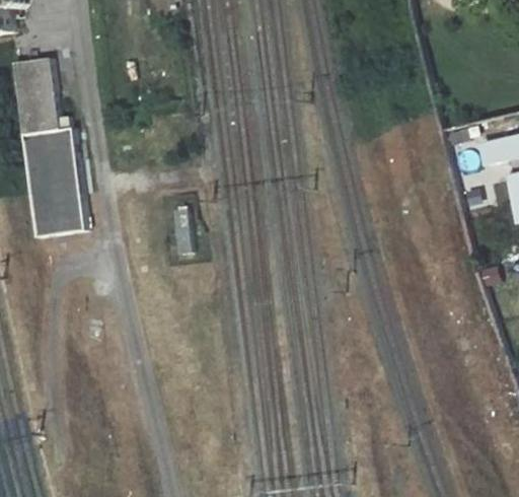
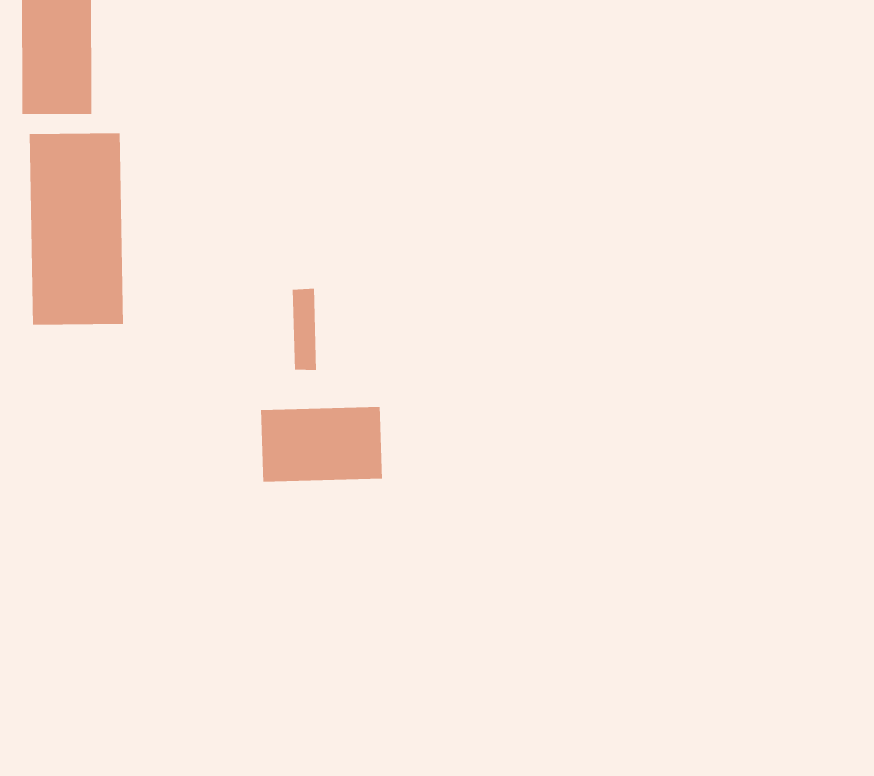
building: none -> [260,406,382,483]

